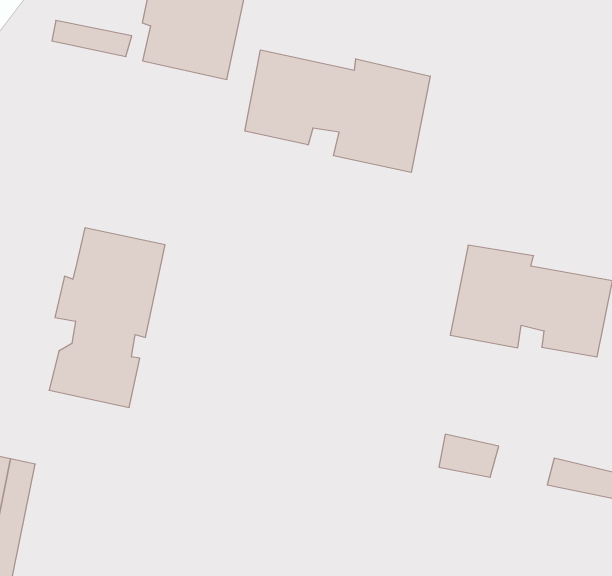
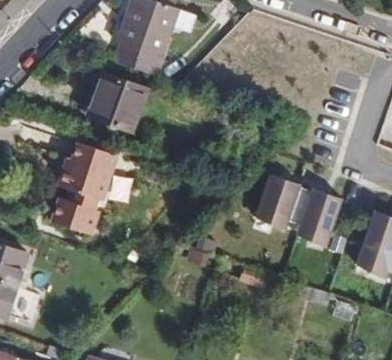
building: [245,50,430,172] -> none
building: none -> [86,72,143,130]

